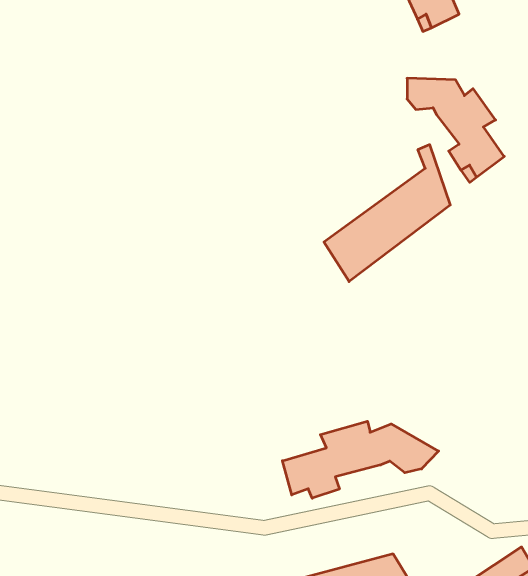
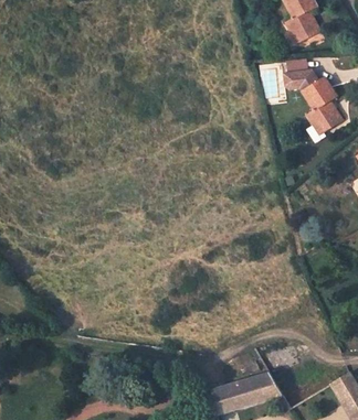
building: [324,145,450,282] -> none
building: [282,421,439,498] -> none

